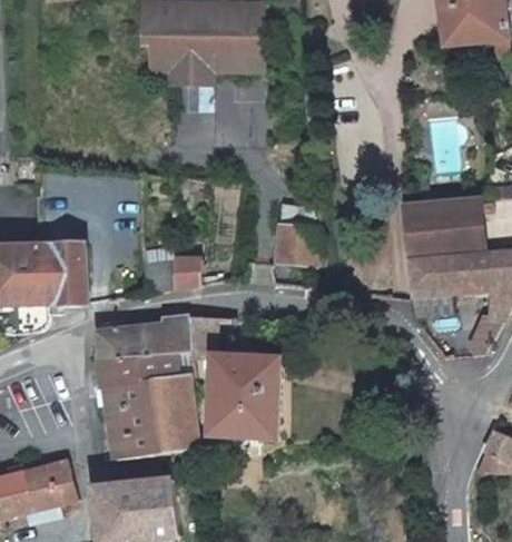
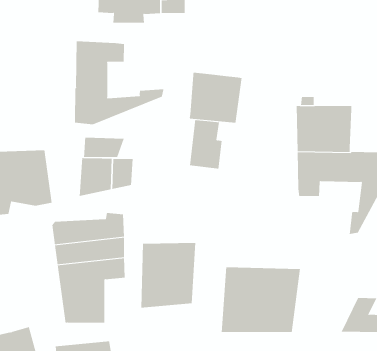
building: none -> [75,41,164,125]
building: none -> [189,72,242,124]
building: none -> [84,137,124,158]
building: none -> [221,266,301,333]
building: [165,401,193,457] -> none

